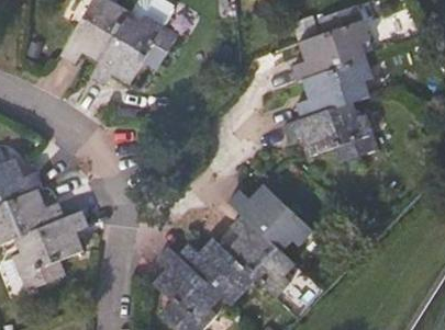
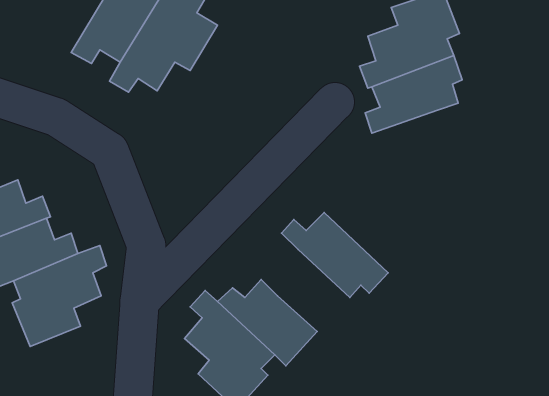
building: [283,100,378,162] -> none
building: [225,212,297,297] -> none

